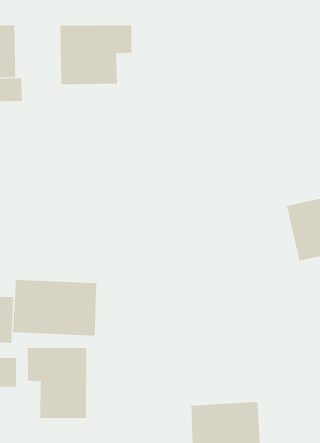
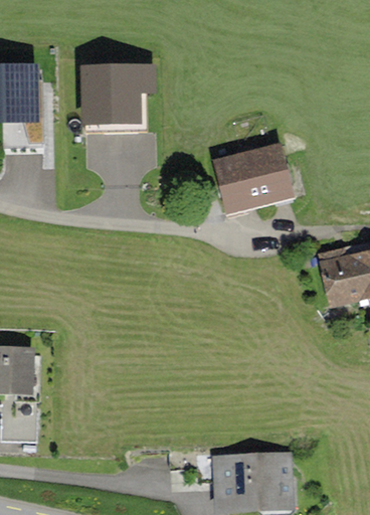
building: none -> [211,136,294,205]
building: [13,279,97,336] -> none
building: [27,347,87,419] -> none

